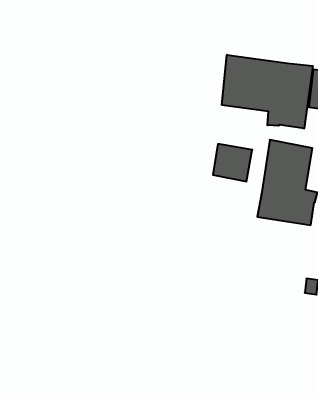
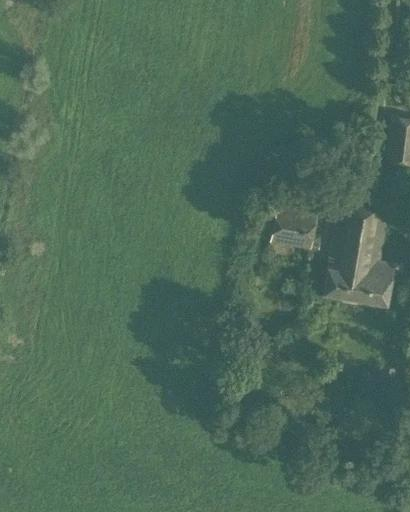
building: [222,55,313,129] -> none

